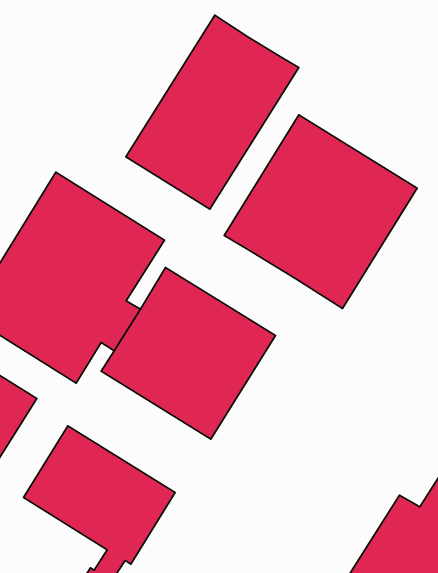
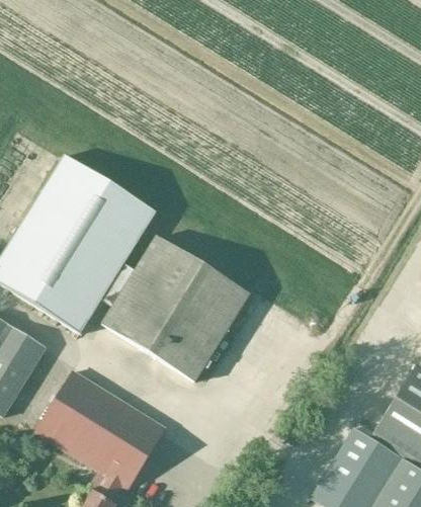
building: [126,15,299,209] -> none
building: [224,115,417,309] -> none

